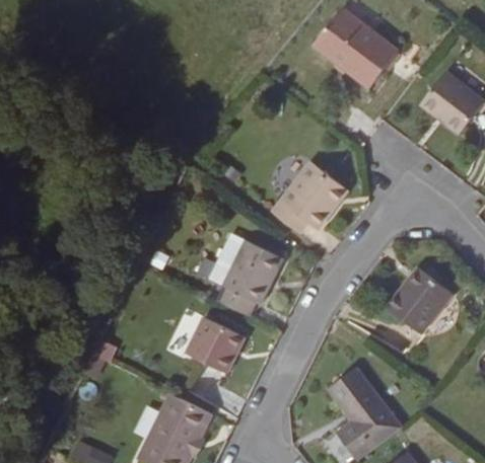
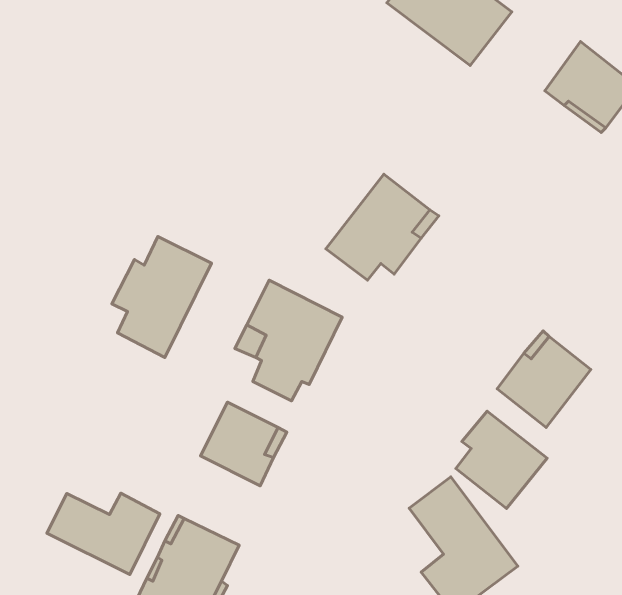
building: none -> [112,237,211,357]
building: none -> [456,411,547,509]
building: none -> [47,493,160,574]

